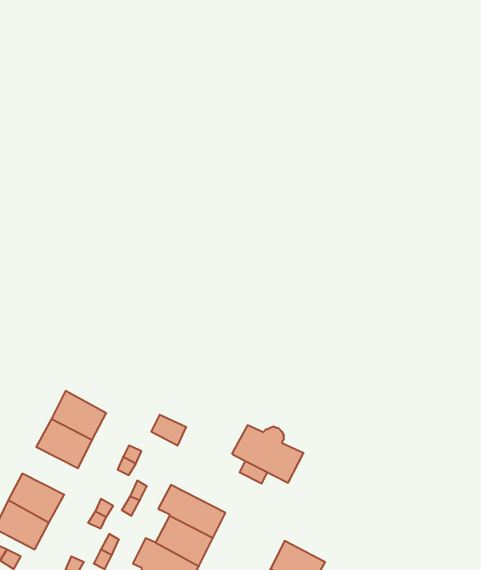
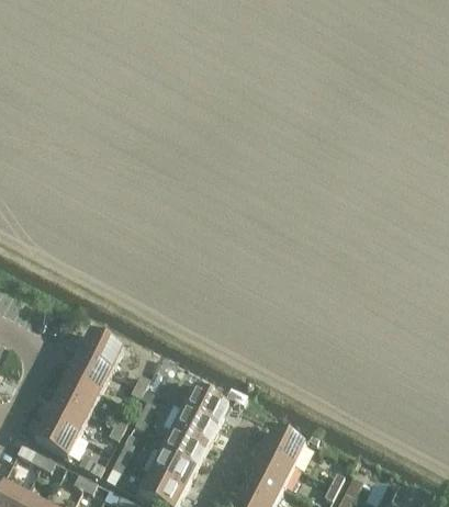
building: [232,425,304,483] -> [171,382,227,427]
building: none -> [56,375,100,413]
building: none -> [261,428,304,465]

